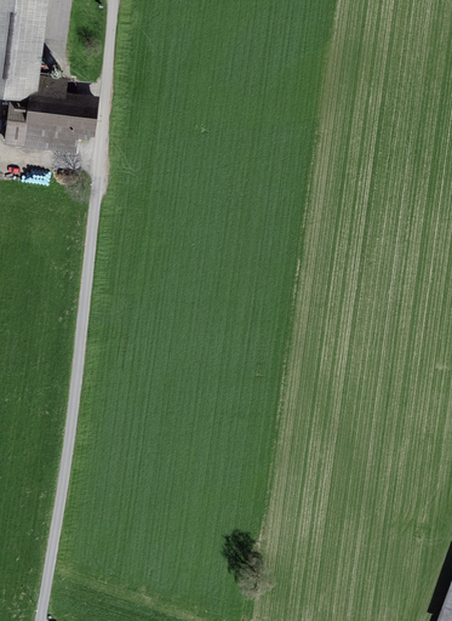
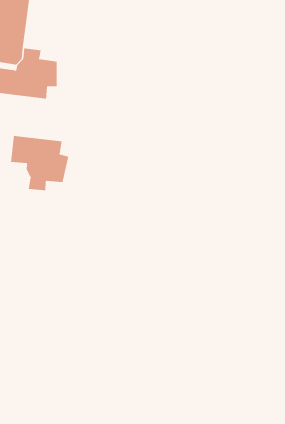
building: none -> [11,135,69,191]

